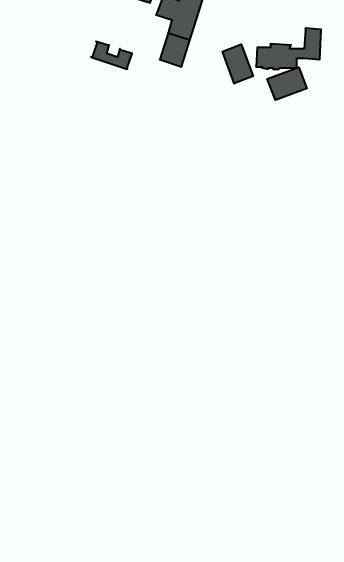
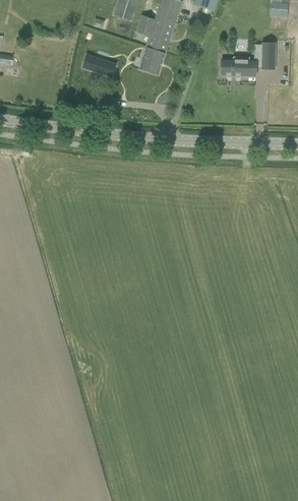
building: [222,44,253,84] -> none
building: [267,67,307,100] -> none

